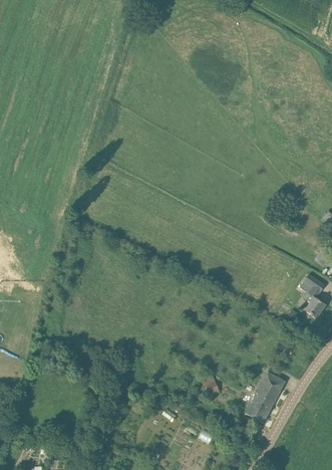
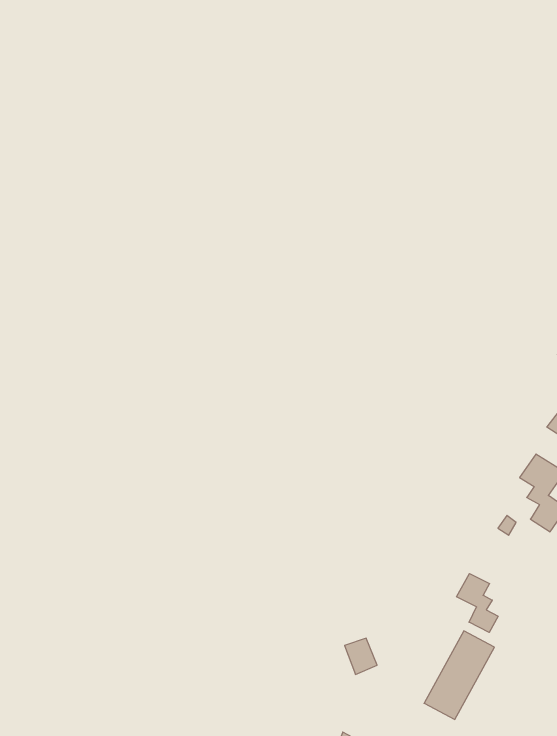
building: none -> [457,574,498,632]

